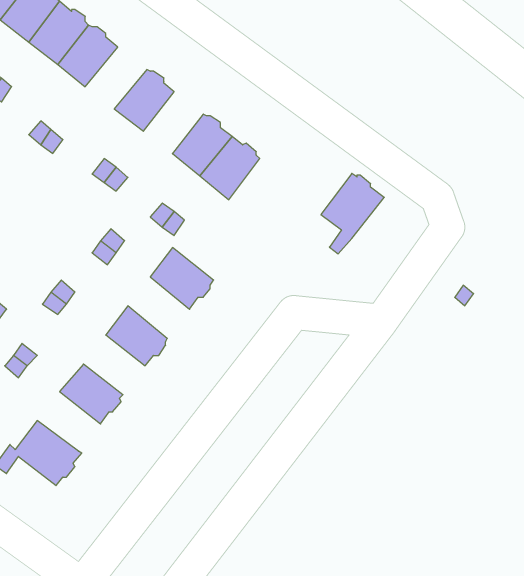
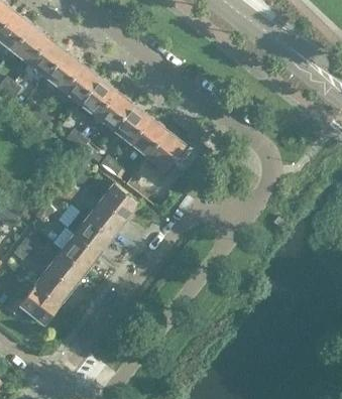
building: none -> [62,65,98,102]
building: none -> [96,92,131,128]
building: [321,173,384,254] -> [146,131,184,178]
building: none -> [87,201,123,237]
building: none -> [61,235,97,270]
building: none -> [33,268,71,303]

